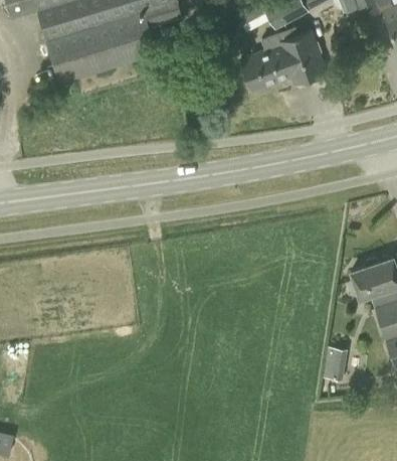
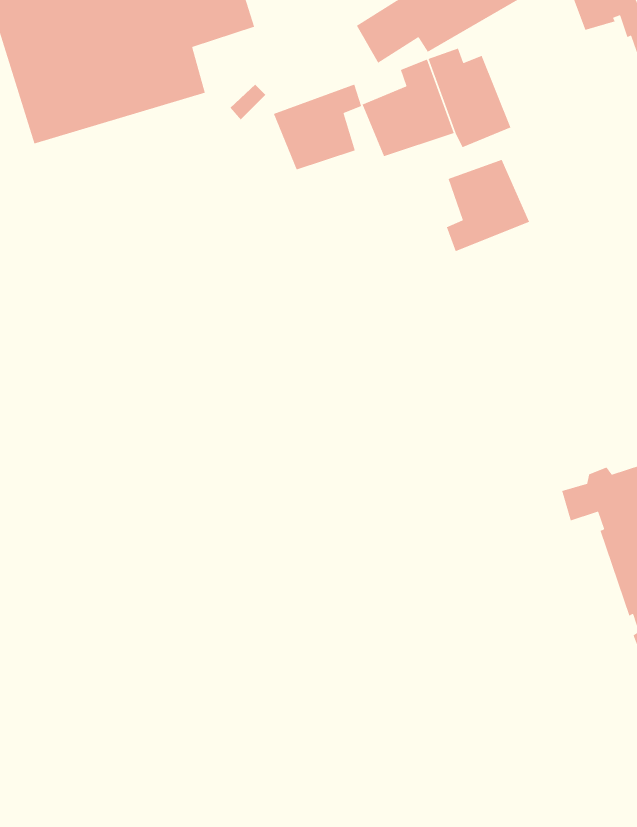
building: none -> [273,83,362,170]
building: none -> [446,159,530,252]
building: [324,346,346,378] -> none

